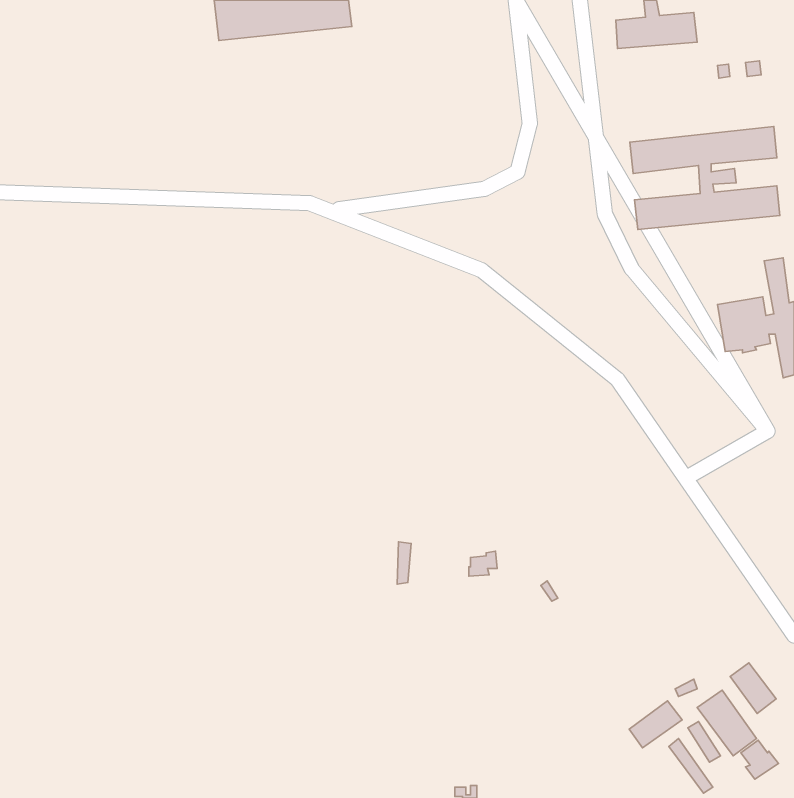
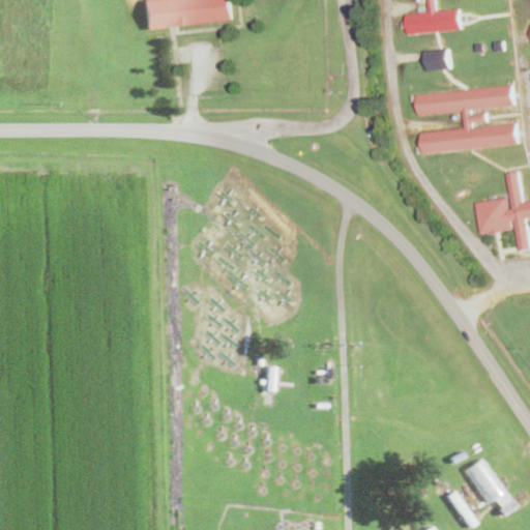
building: none -> [426,48,450,70]
building: [730,663,776,714] -> none
building: [629,701,682,748] -> none

